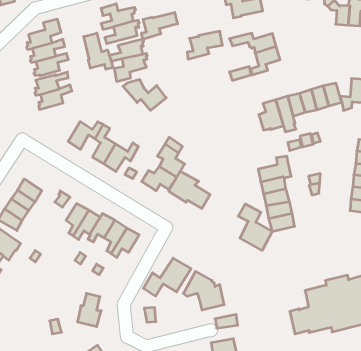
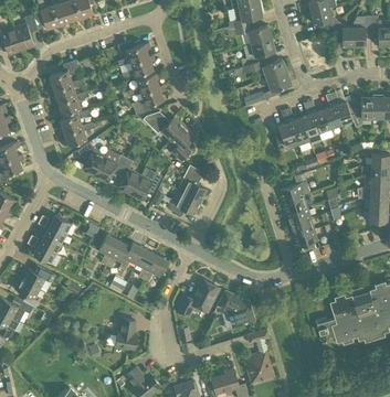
building: [142,12,178,40] -> none
building: [187,31,222,59] -> [241,37,274,66]
building: [84,33,113,69] -> none
building: none -> [170,127,194,162]
building: none -> [77,142,104,175]
building: [169,171,210,208] -> none
building: [238,204,272,250] -> none

